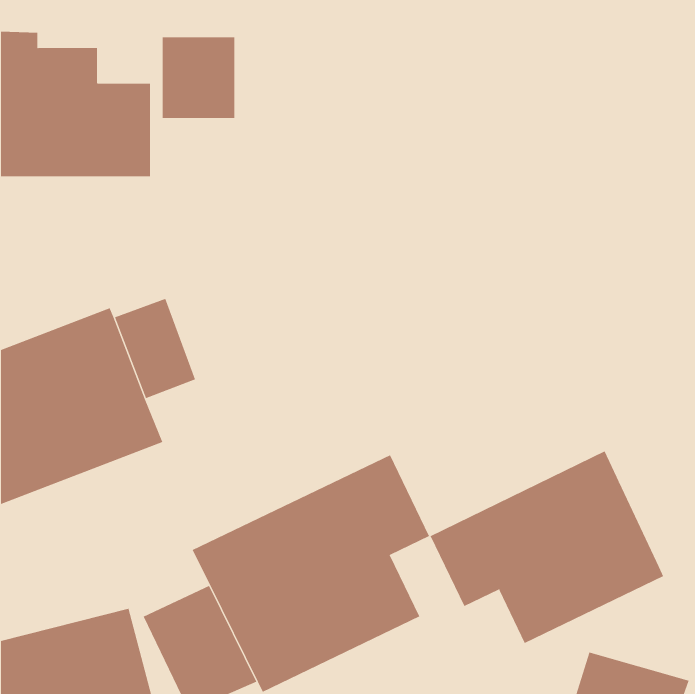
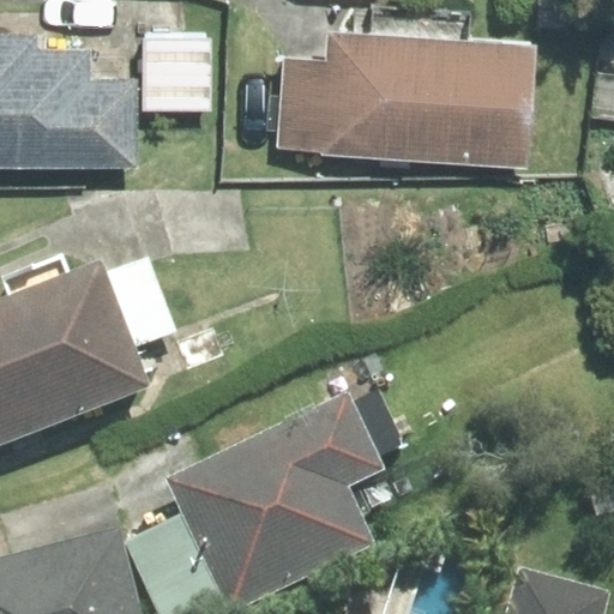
building: none -> [275,28,531,158]
building: [430,451,664,644] -> none

